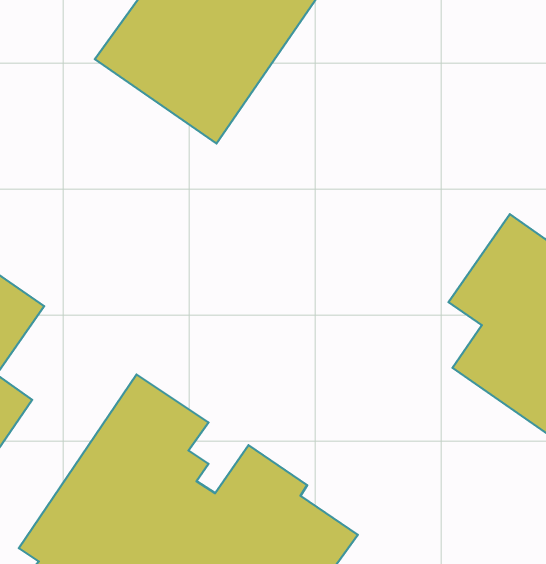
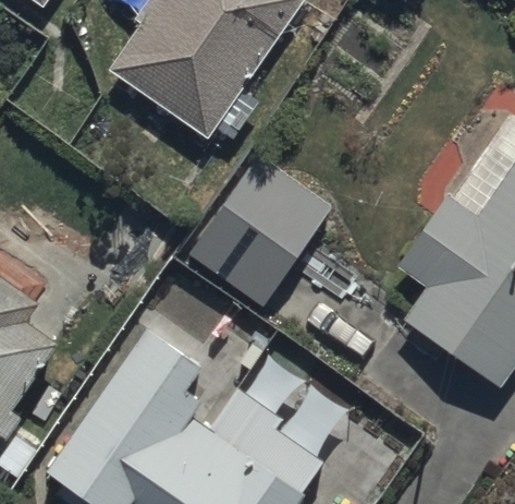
building: none -> [191,156,332,304]

